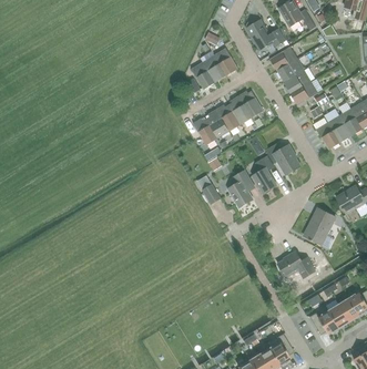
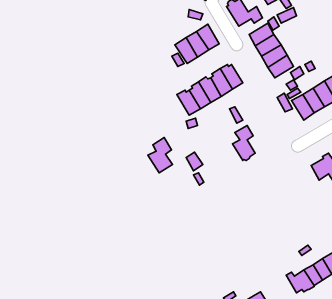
building: [265,143,298,174] -> none
building: [226,170,253,207] -> [148,138,173,173]
building: [303,208,335,244] -> none
building: [277,250,318,279] -> none

